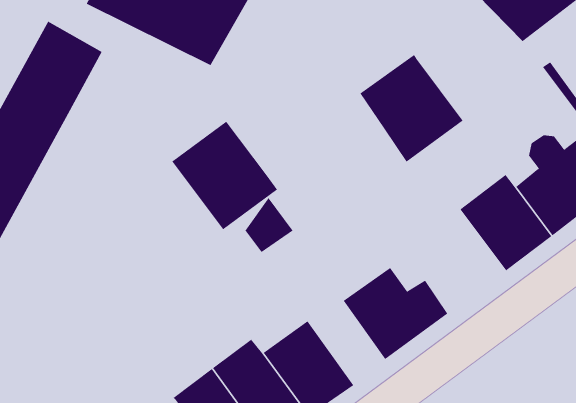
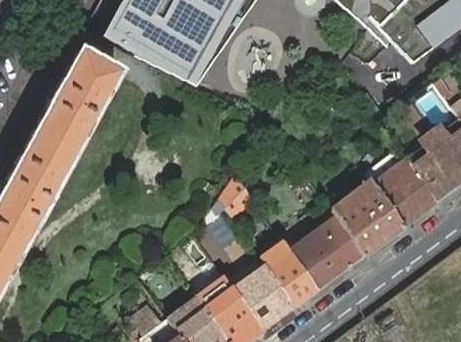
building: [360,54,464,163] -> [331,181,405,258]
building: [172,121,278,230] -> none
building: none -> [259,240,319,309]

